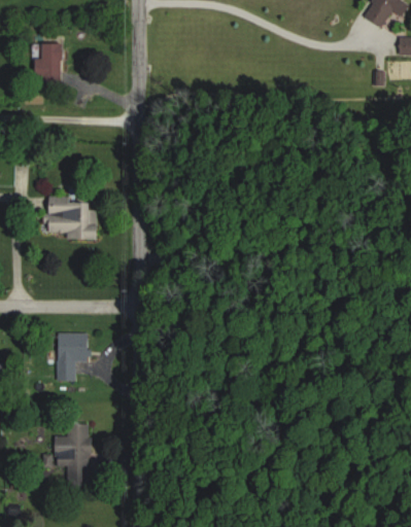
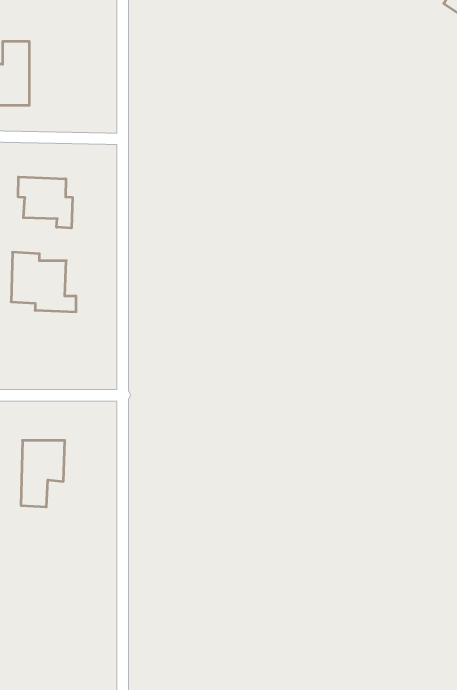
building: none -> [18,177,72,228]
building: [53,425,89,486] -> none

